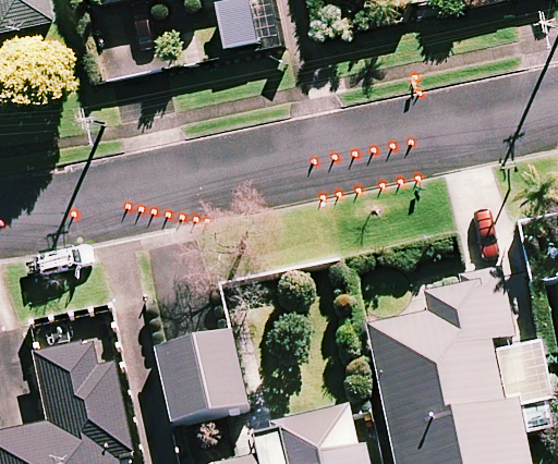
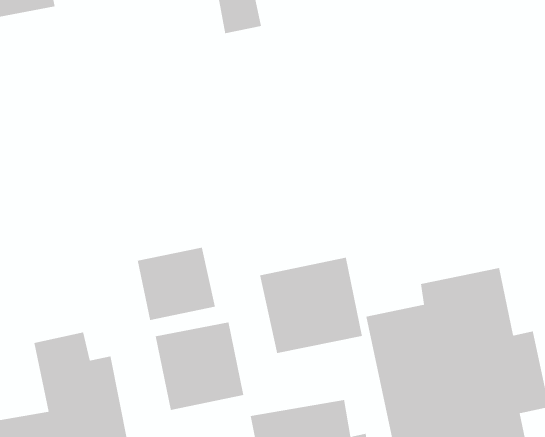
building: none -> [137,247,216,321]
building: none -> [259,257,362,354]

